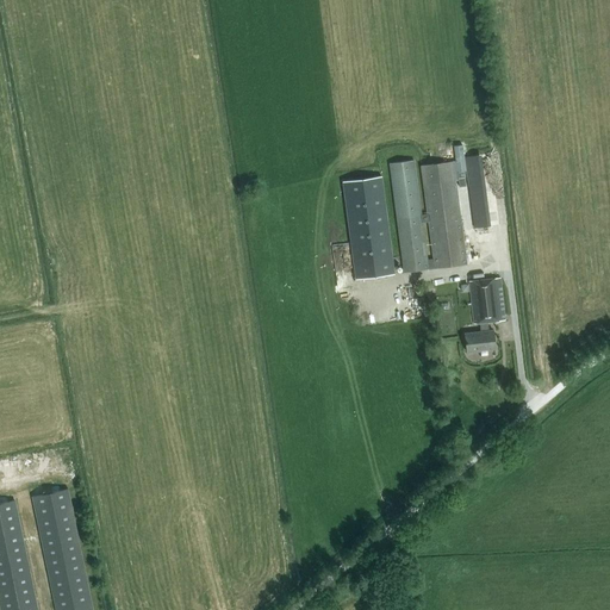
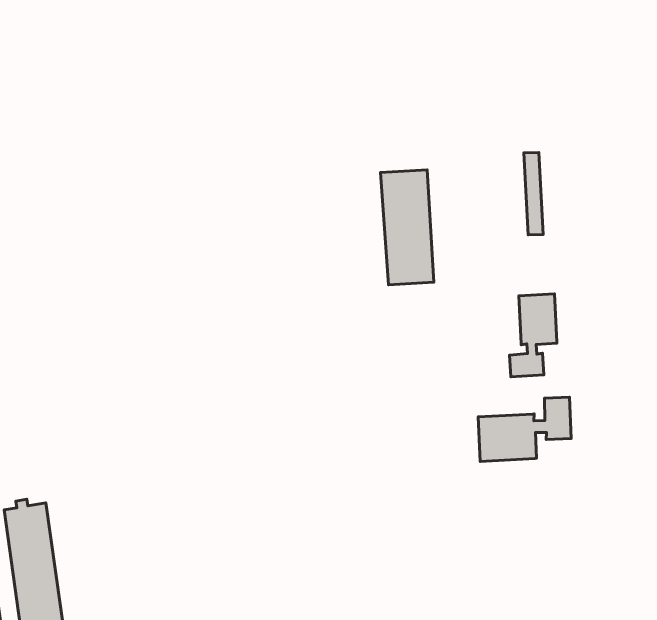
building: [388,160,467,273] -> none
building: none -> [478,397,571,461]

